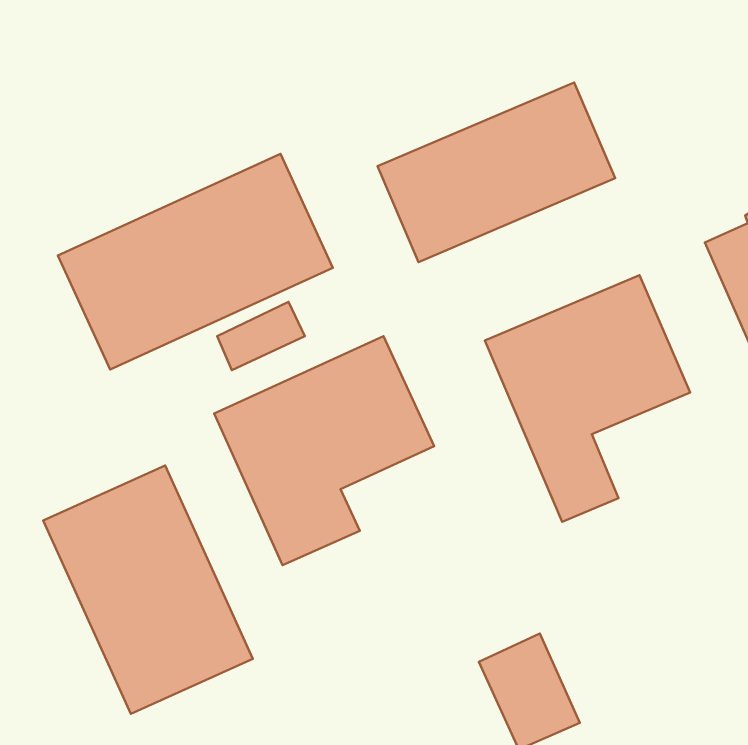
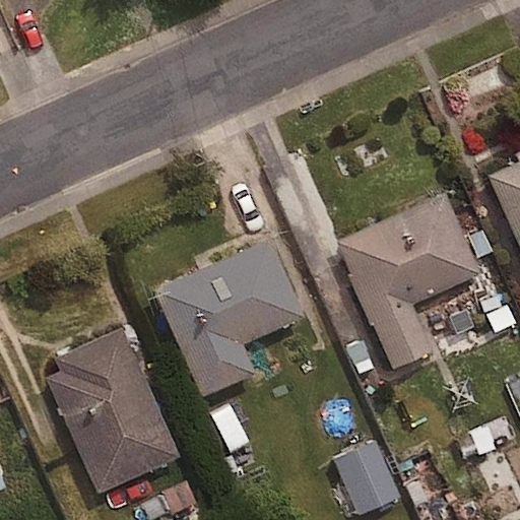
building: [377,82,615,262] -> none
building: [58,154,333,369] -> none

